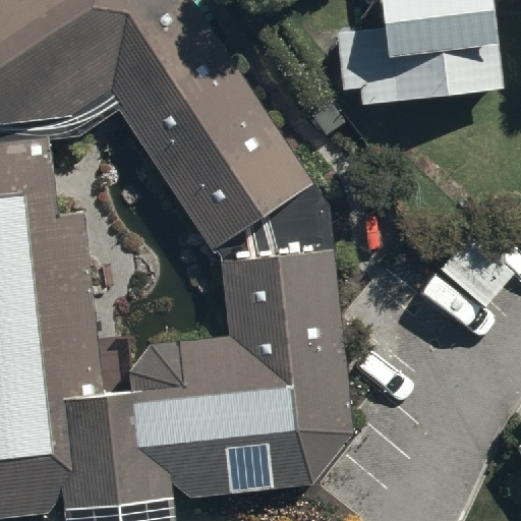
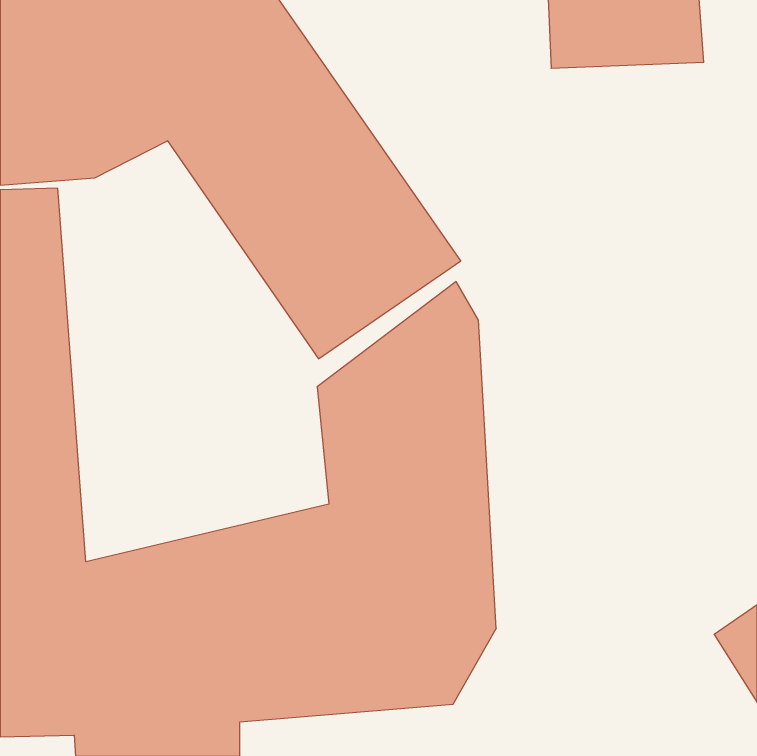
building: [343,42,498,113] -> none

